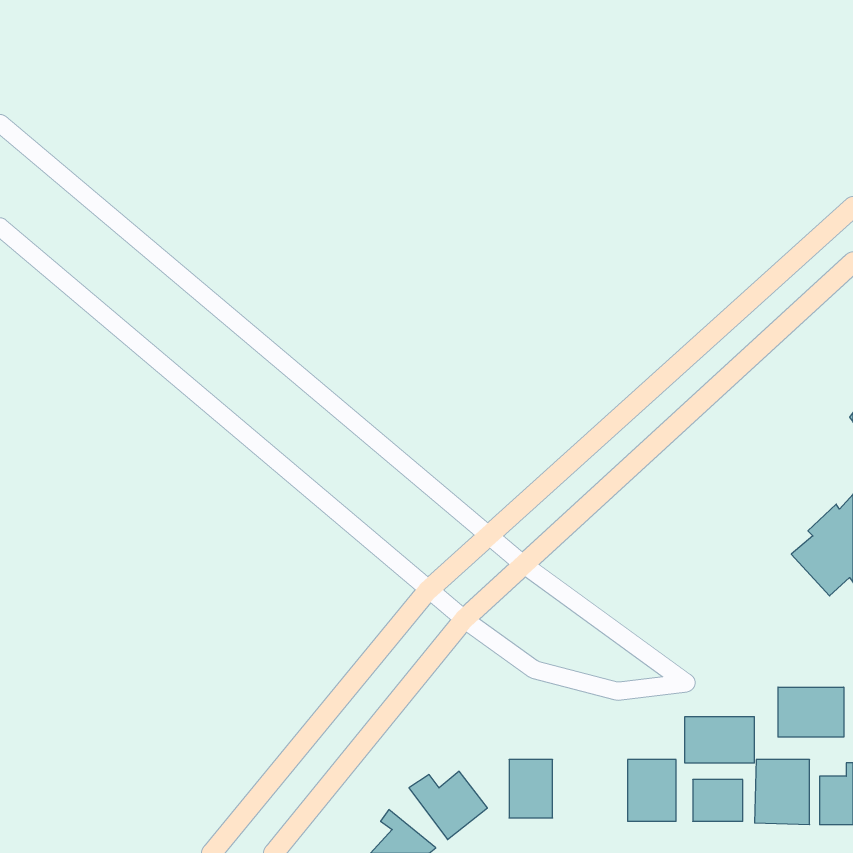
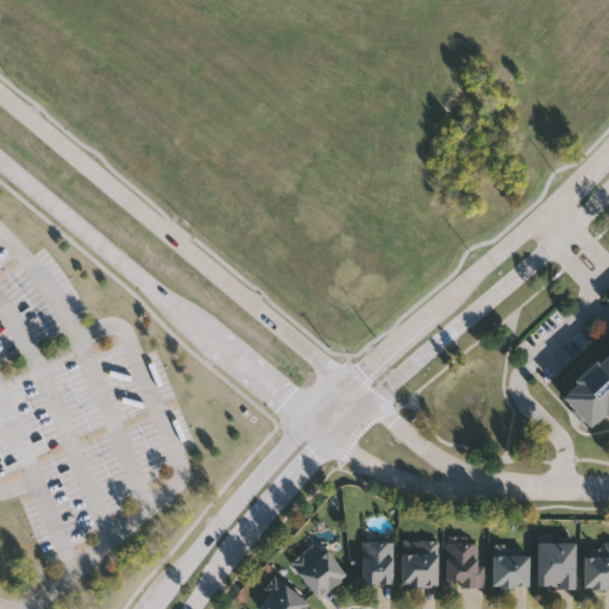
building: [778,687,844,737] -> none
building: [685,717,754,763] -> none
building: none -> [403,544,439,585]

